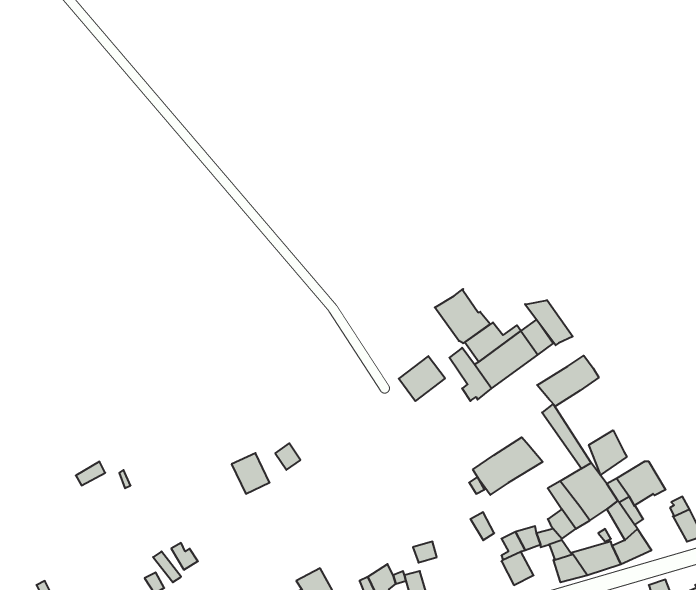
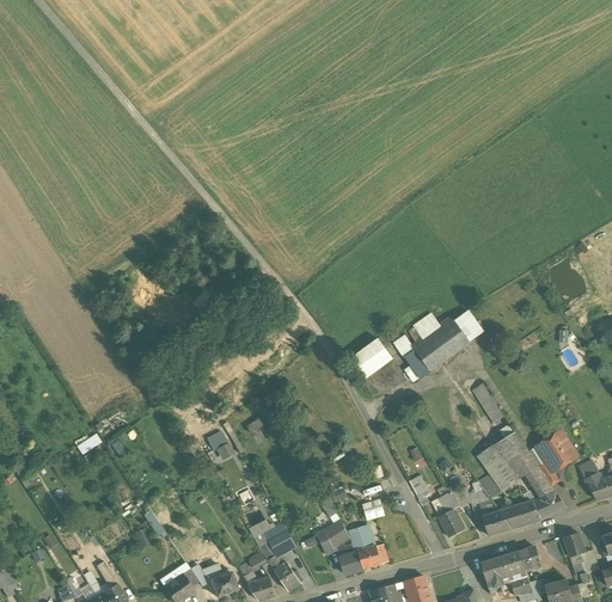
building: [435,289,490,343] -> none
building: [525,300,573,345] -> none
building: [537,356,599,406] -> none
building: [589,430,627,475] -> none
building: [473,437,543,495] -> none

